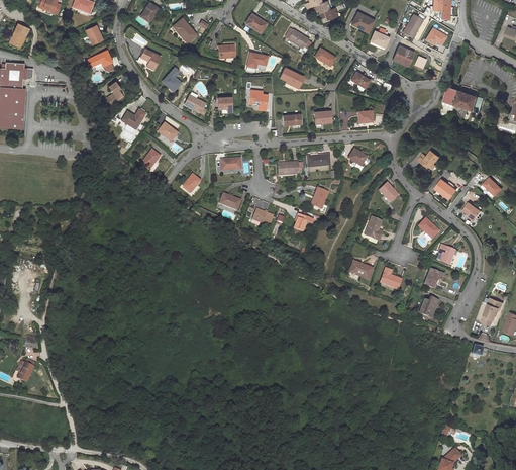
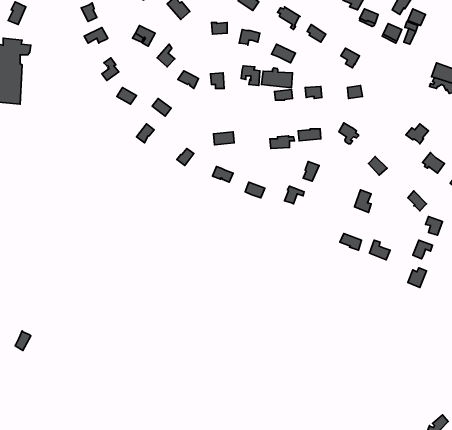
building: none -> [262,68,292,88]

